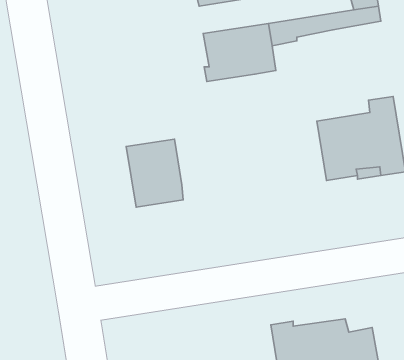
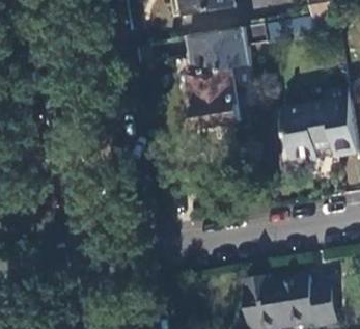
building: [126,139,183,207] -> [189,70,237,127]

